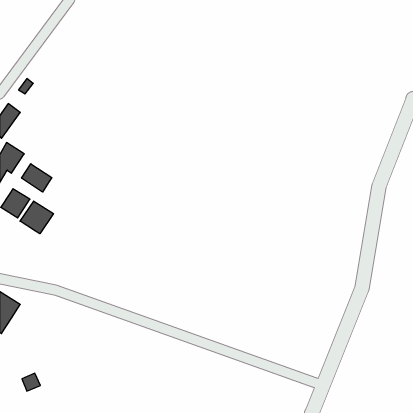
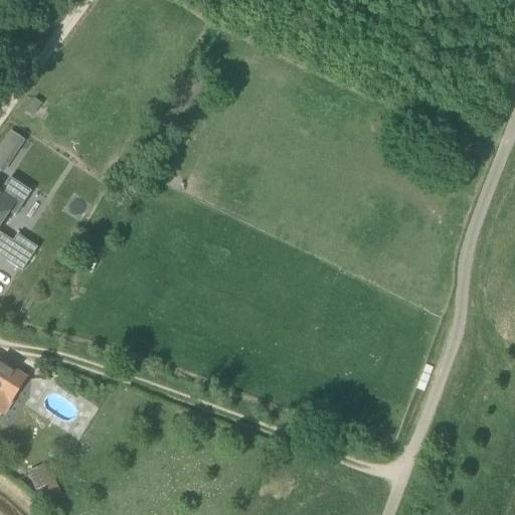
building: [22,164,52,192] -> none
building: [20,201,53,234] -> none

